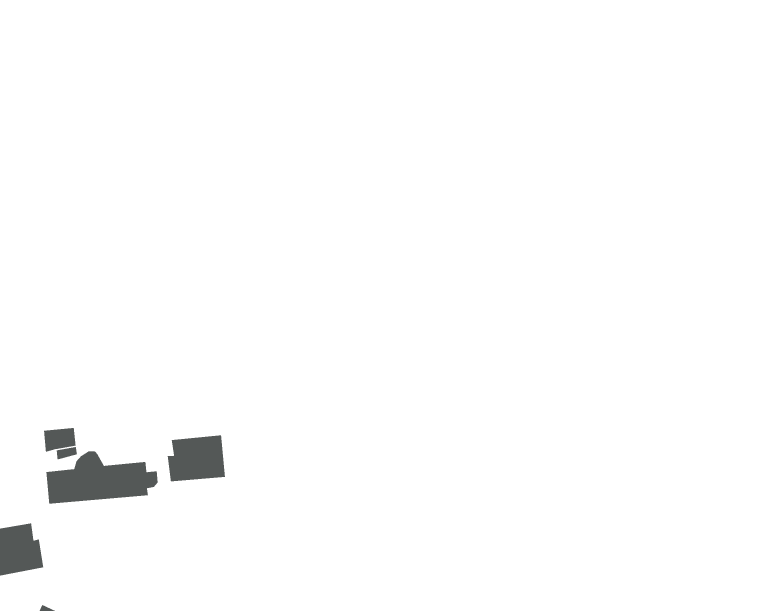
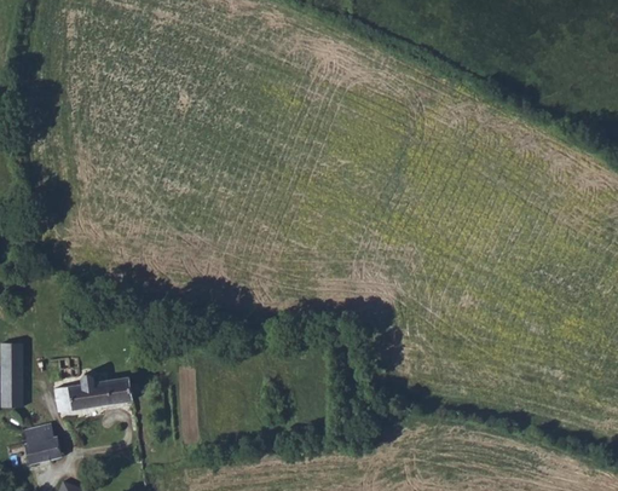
building: [167,434,226,482] -> none

